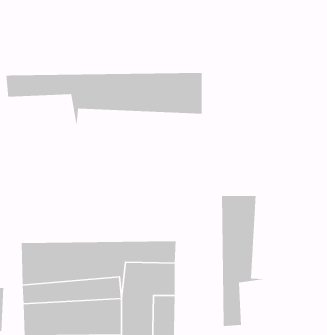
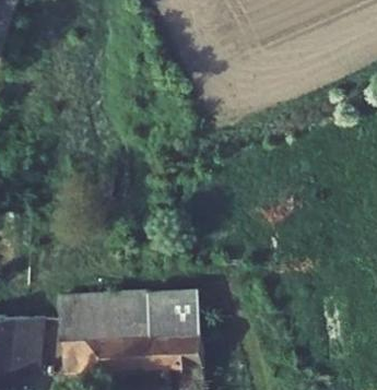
building: [5,72,202,131] -> none
building: [221,195,270,327] -> none

